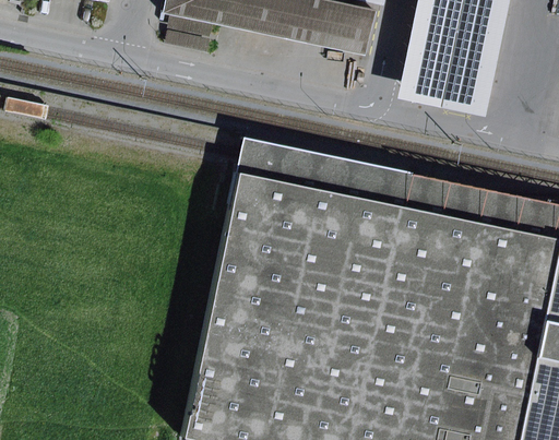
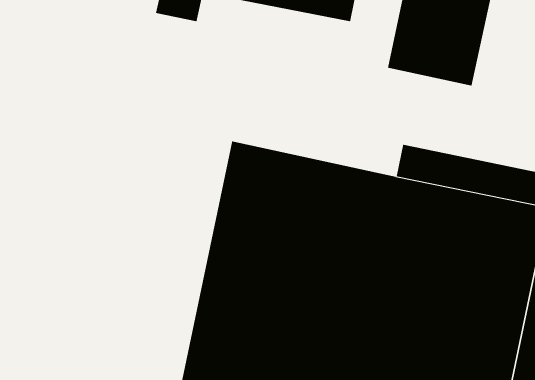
building: [239,140,413,210] -> none

